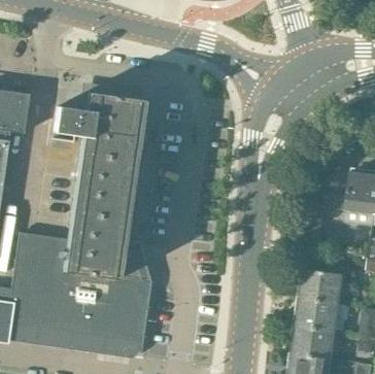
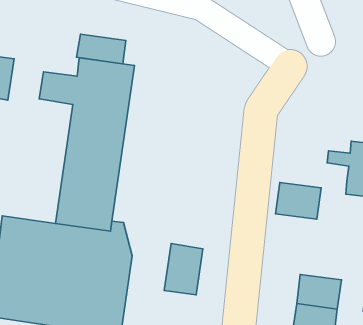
building: none -> [76,34,126,64]
building: [301,269,344,304] -> [276,182,321,219]
building: none -> [164,244,203,295]

